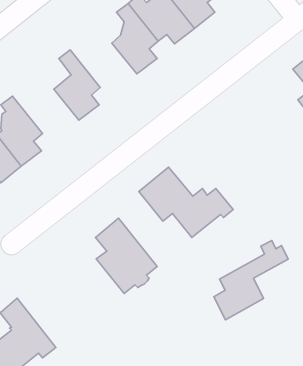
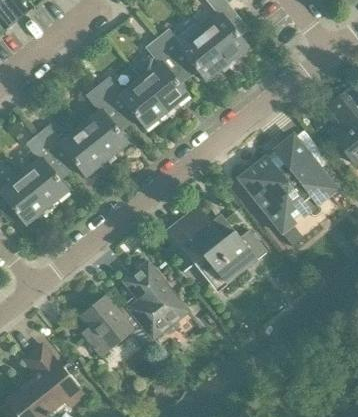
building: none -> [98,76,167,128]
building: none -> [38,124,107,176]
building: none -> [242,138,332,230]
building: [214,241,288,320] -> none
building: none -> [81,296,161,355]

